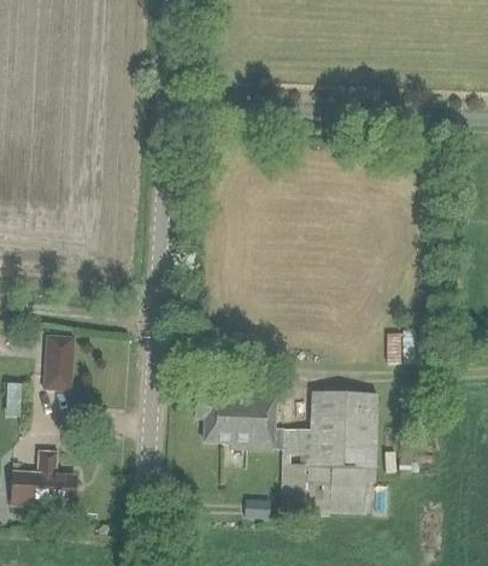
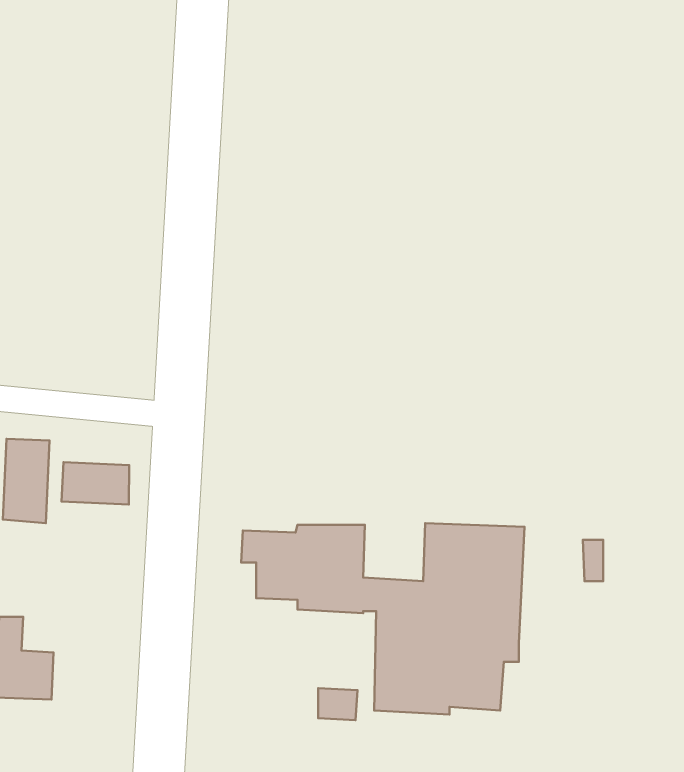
building: none -> [62,462,129,504]

